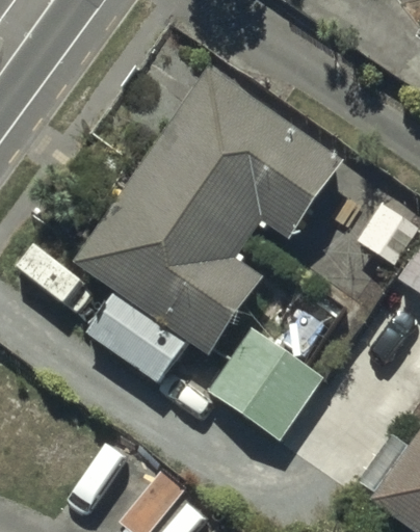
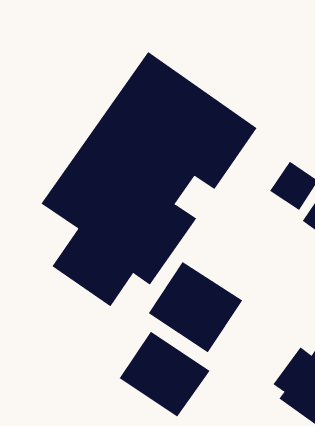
building: none -> [119,331,210,418]

